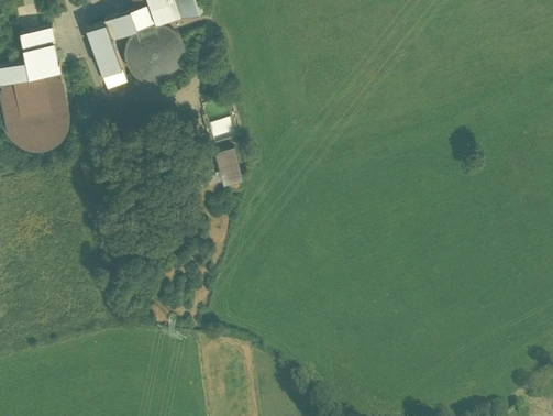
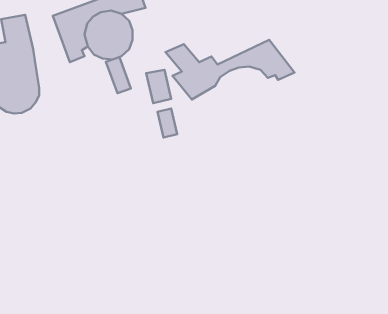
building: none -> [166,40,294,99]
building: none -> [106,57,131,93]

